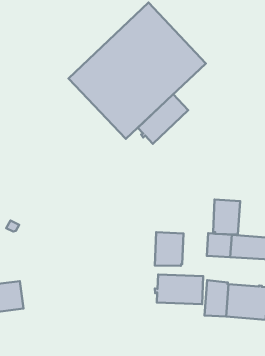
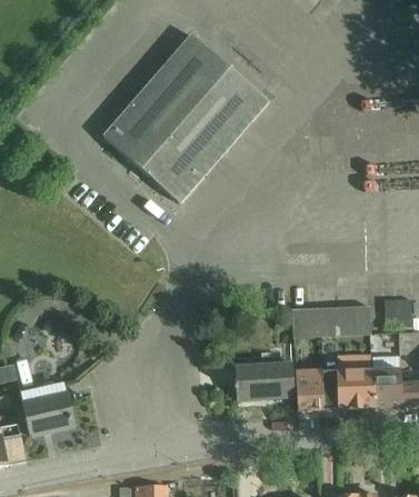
building: [138,94,188,144] -> none
building: [213,200,240,235] -> none
building: [155,232,184,266] -> none

